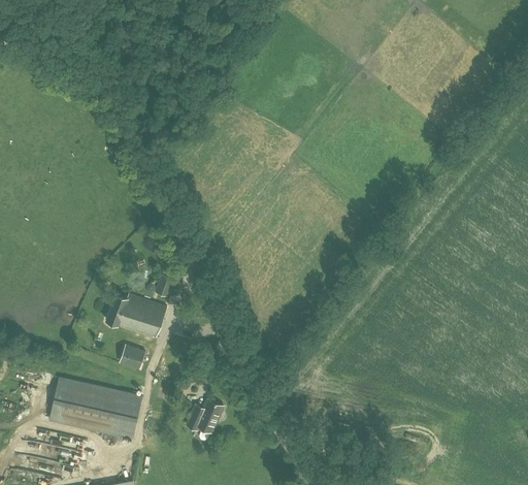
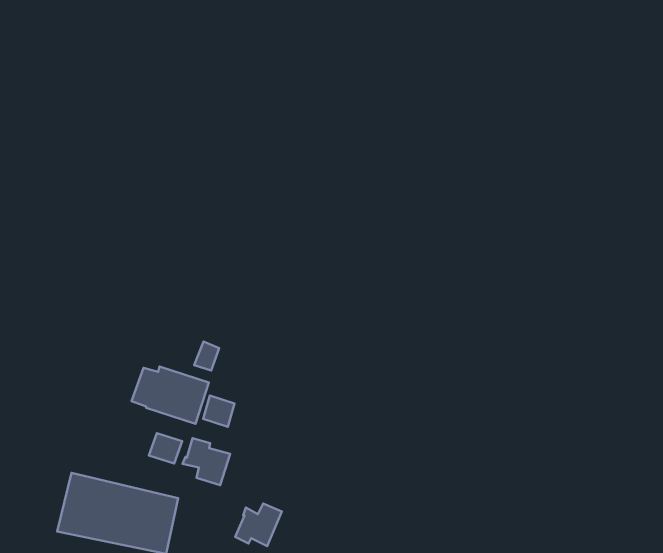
building: none -> [203,396,235,427]
building: none -> [183,438,230,485]

